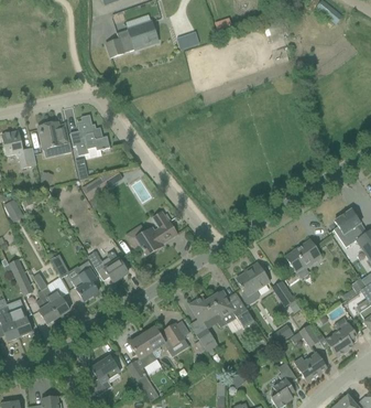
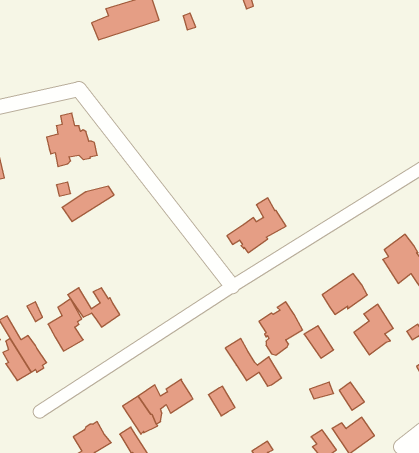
building: [39,121,70,148] -> none
building: [131,212,177,255] -> [227,198,286,253]
building: [190,297,227,326] -> none
building: [326,316,357,356] -> [354,304,393,355]

